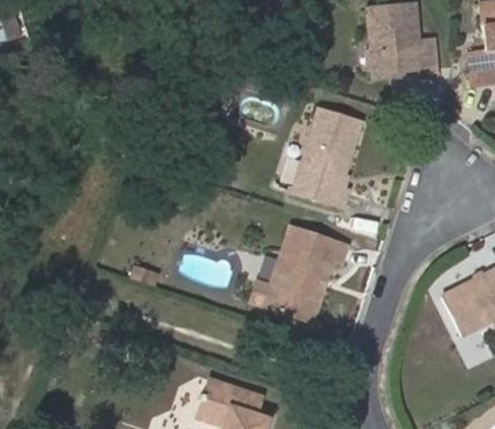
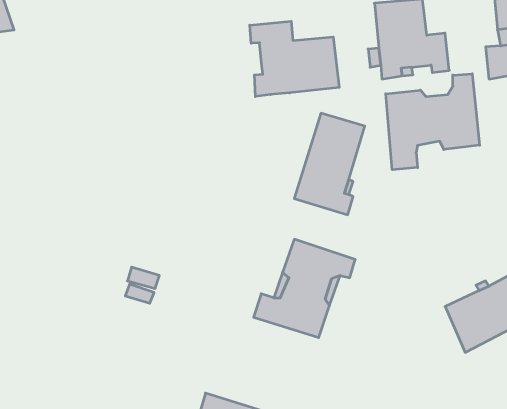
building: none -> [250,21,339,97]
building: none -> [386,74,480,170]

